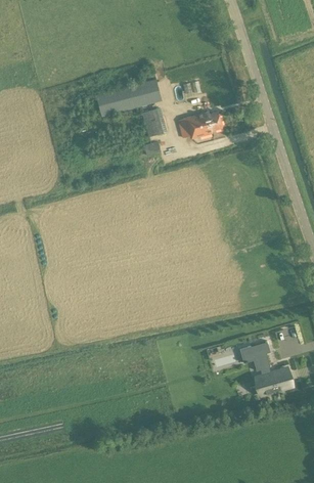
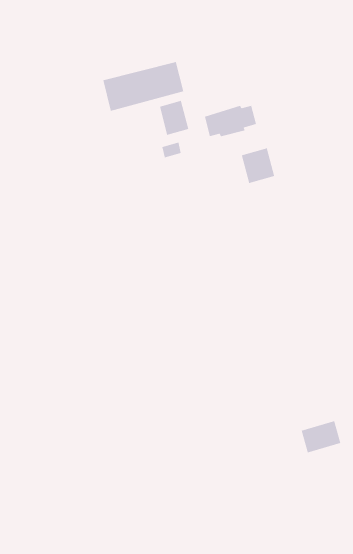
building: none -> [241,147,275,184]
building: [239,340,268,372] -> none

